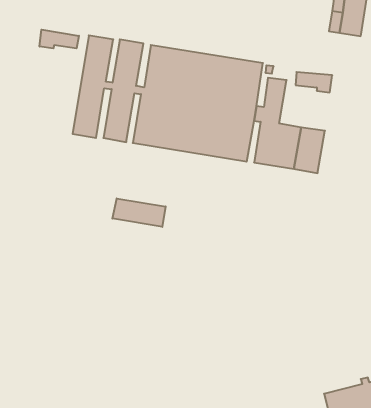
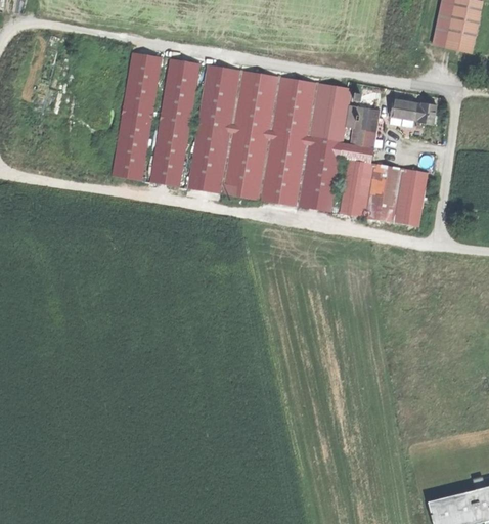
building: [40,30,79,48] -> none
building: [112,198,166,227] -> none

